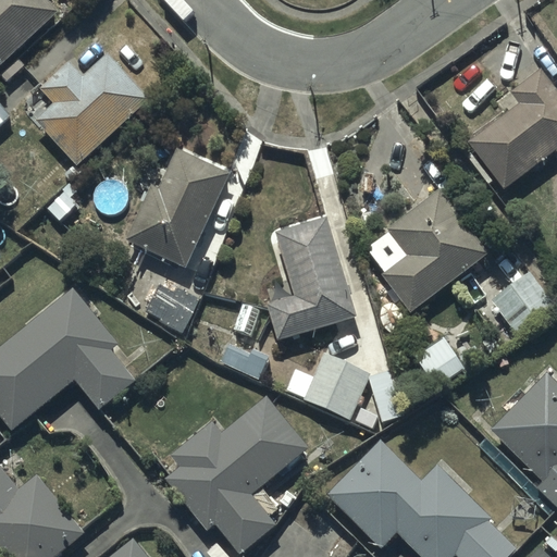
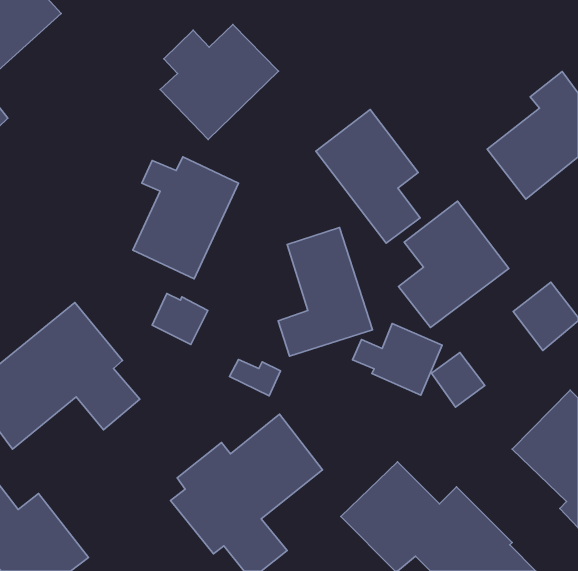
building: [36,55,149,165] -> [160,25,278,139]
building: none -> [316,109,420,243]
building: [285,351,371,420] -> [353,323,442,395]

